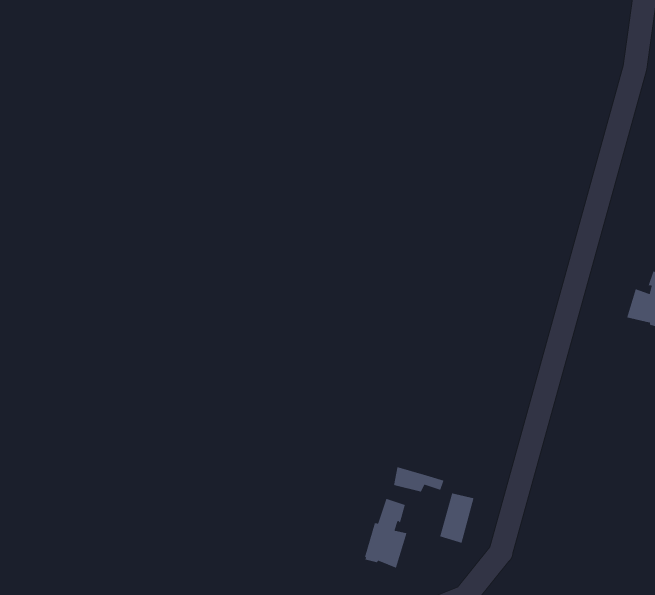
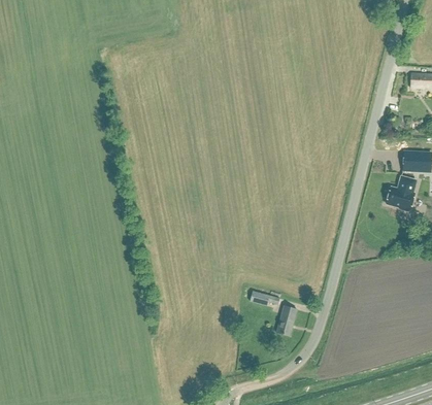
building: [364,498,407,569] -> none

